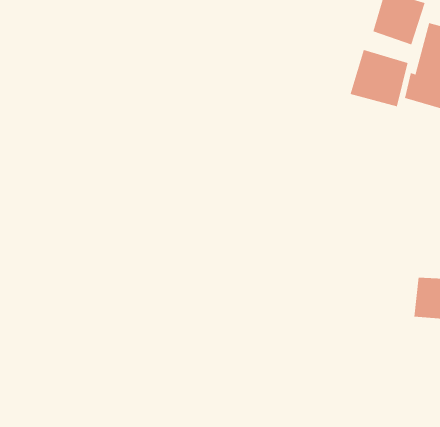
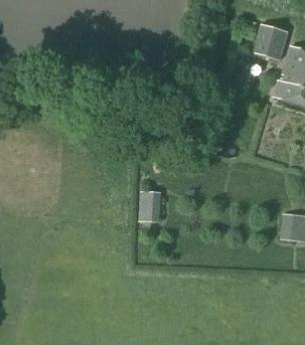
building: [350,49,408,107] -> none
building: none -> [139,191,161,222]

